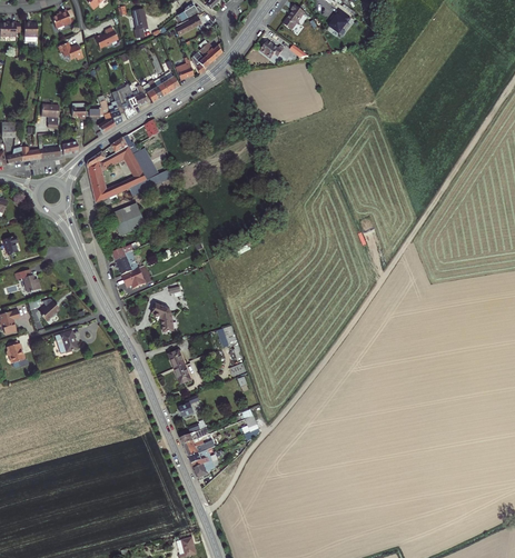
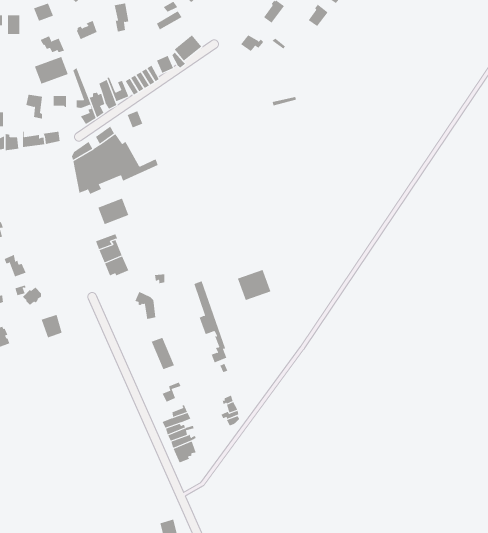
building: none -> [34,56,69,84]
building: none -> [237,269,271,301]

